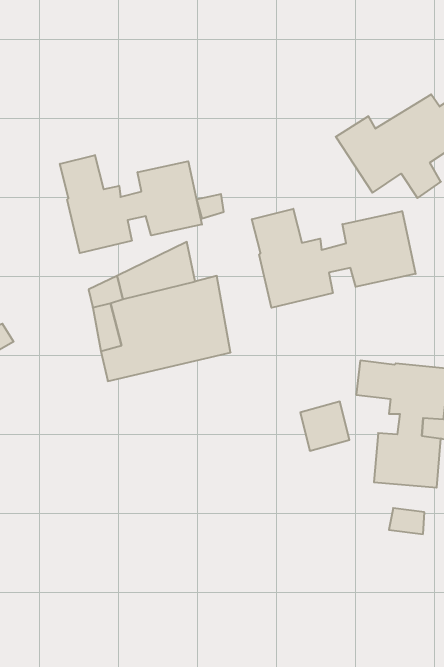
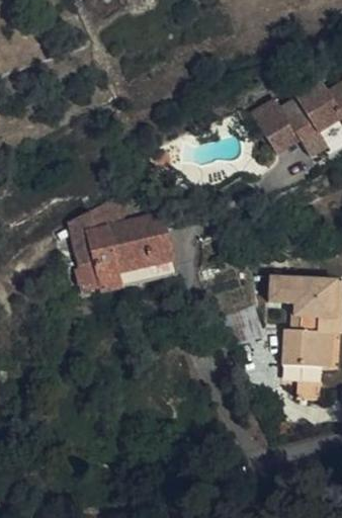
building: [60,155,202,253] -> none
building: [252,209,416,308] -> none

